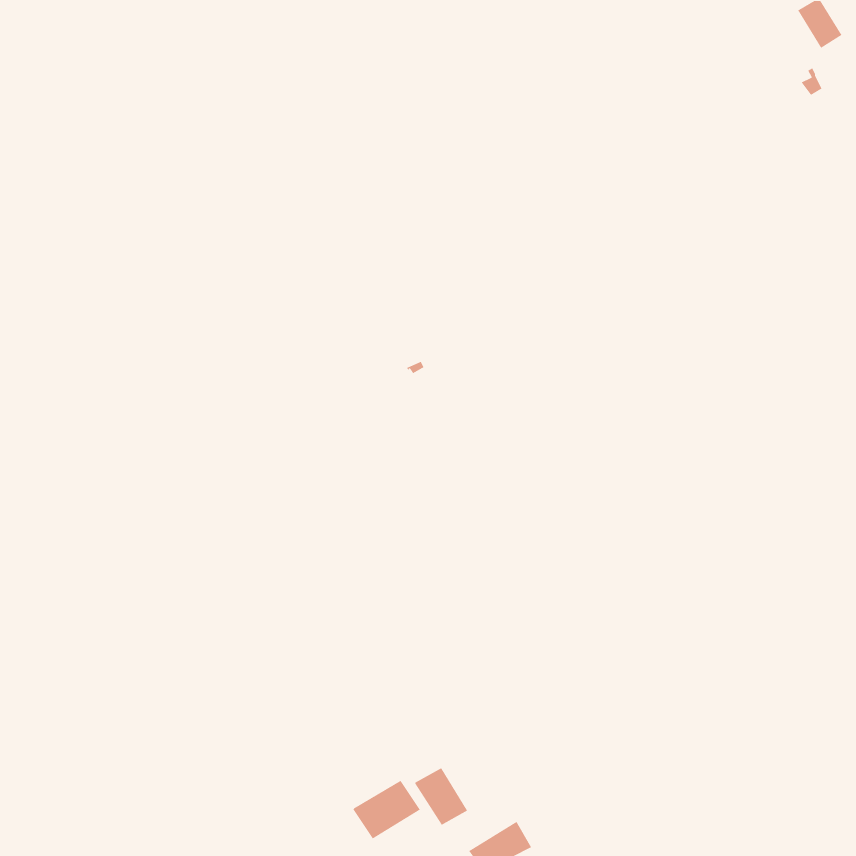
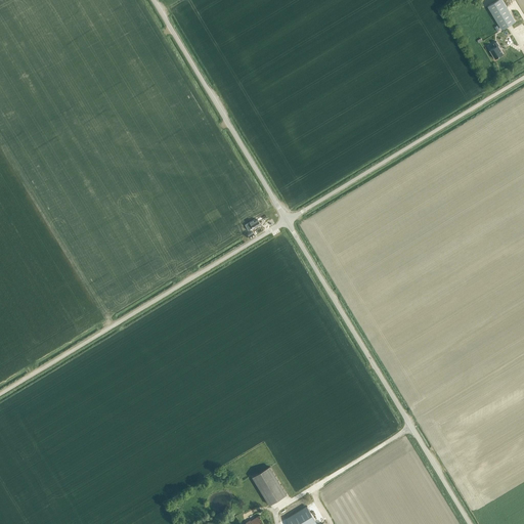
building: [353,780,421,840] -> none

